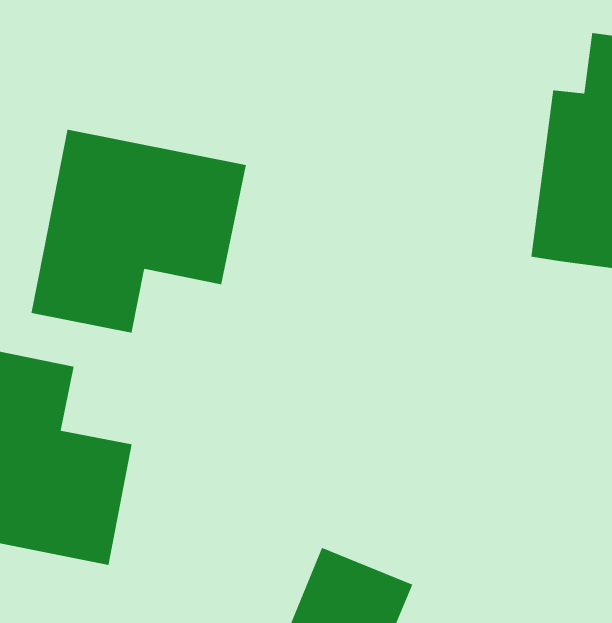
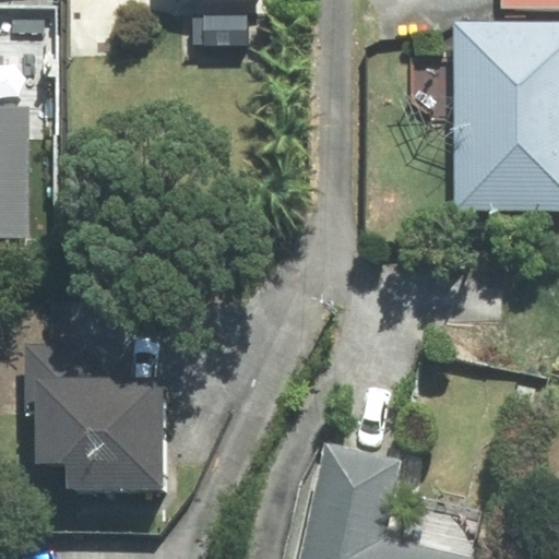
building: [31,129,246,333] -> none

